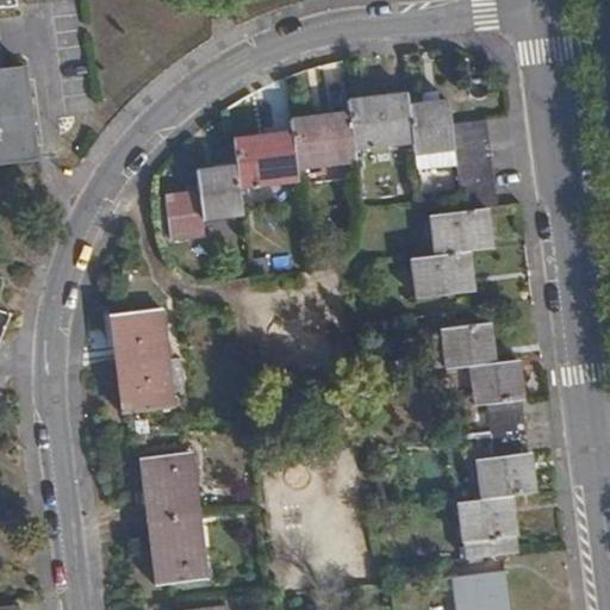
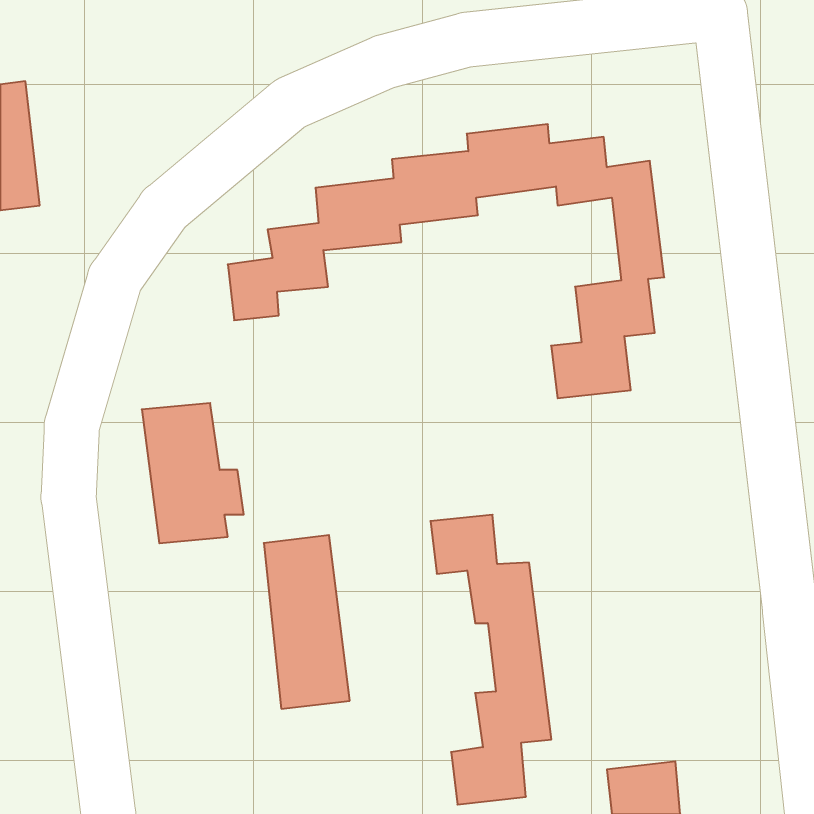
building: [442,324,533,541] -> [430,515,551,805]
building: [139,446,204,575] -> [264,535,350,709]

